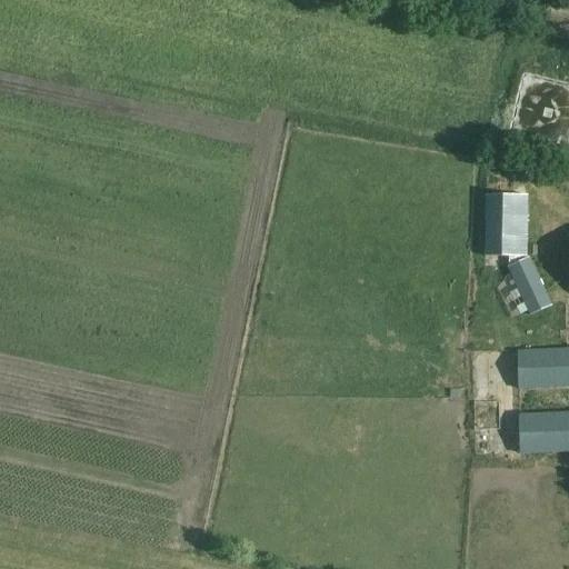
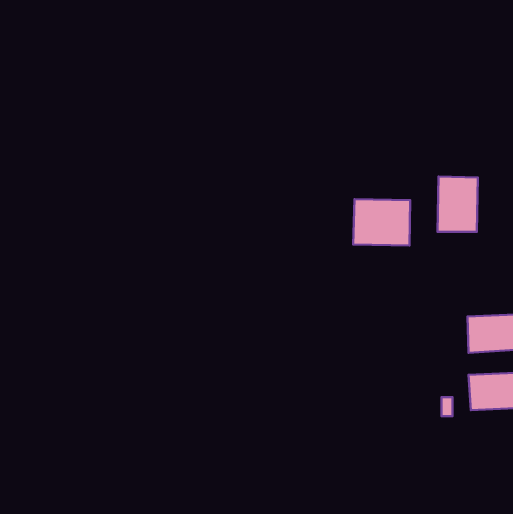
building: none -> [353,199,410,246]
building: [507,256,552,316] -> none

